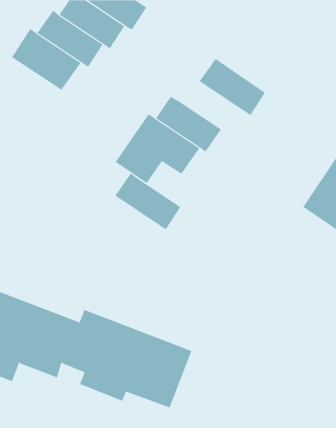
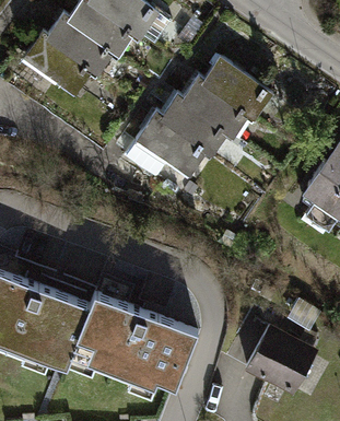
building: [114,172,181,230] -> [185,74,248,129]
building: none -> [248,327,317,393]

